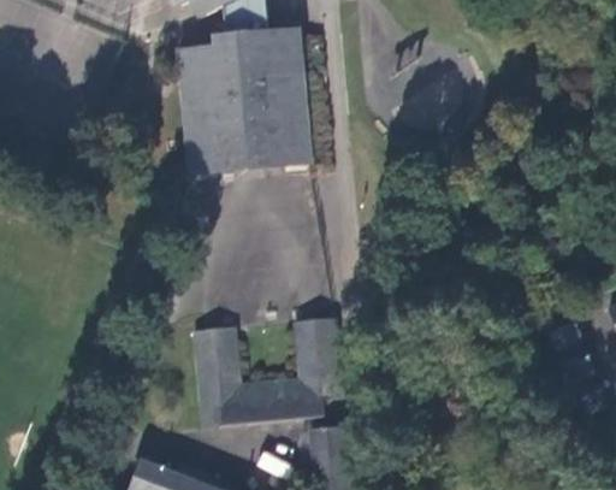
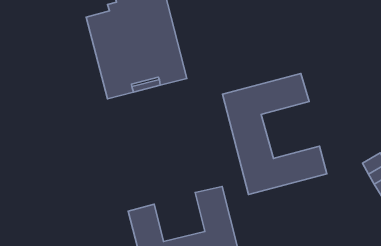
building: none -> [222,73,327,194]

